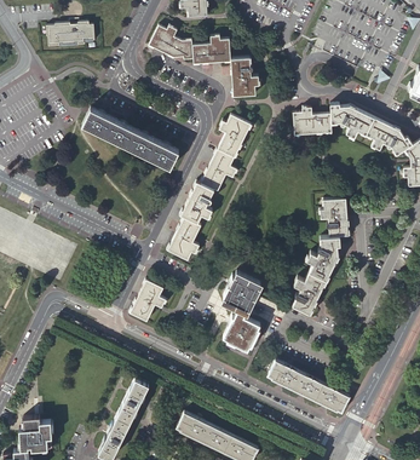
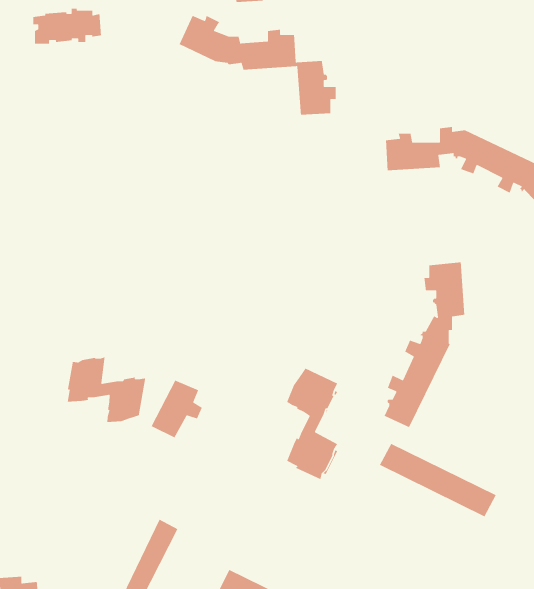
building: [82,108,179,168] -> none
building: [167,114,251,260] -> none
building: none -> [67,356,146,423]
building: [267,360,350,412] -> [379,443,497,517]

